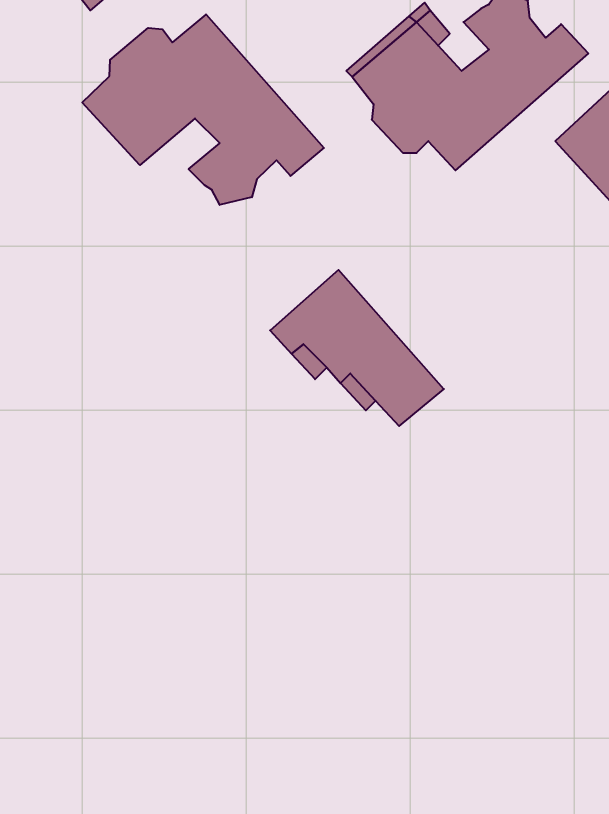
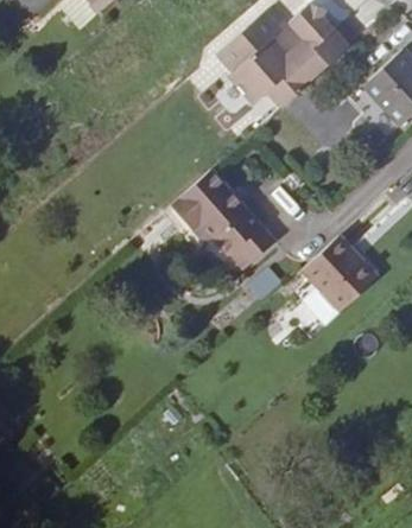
building: [82,14,324,205] -> none
building: none -> [290,243,367,322]

